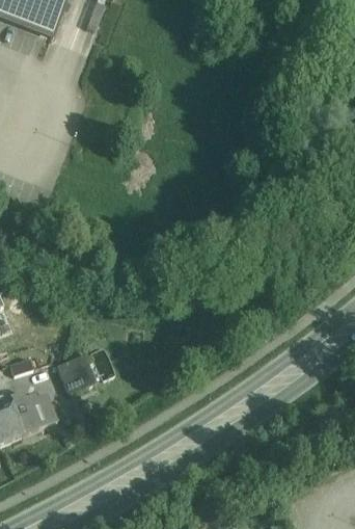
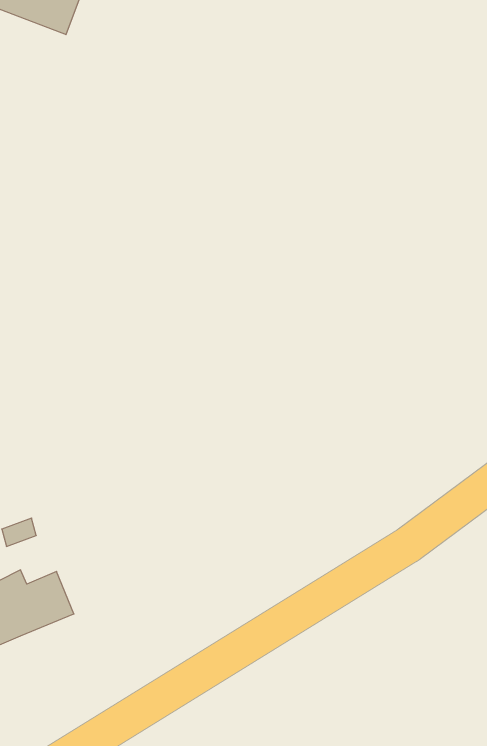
building: [59,349,100,390] -> none

